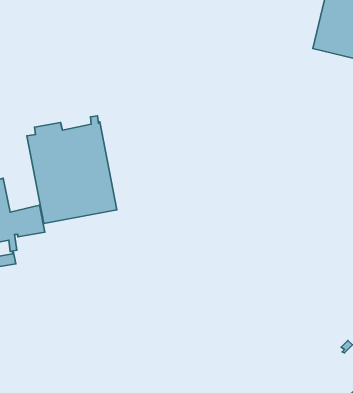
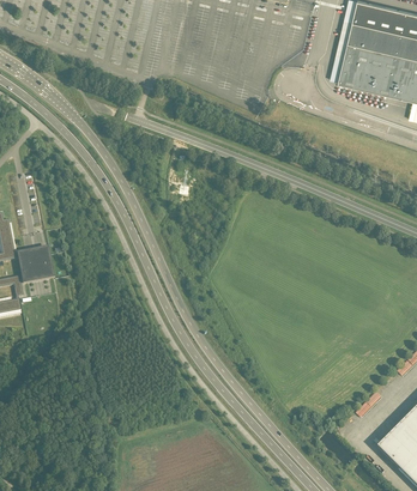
building: [27,116,117,224] -> none

